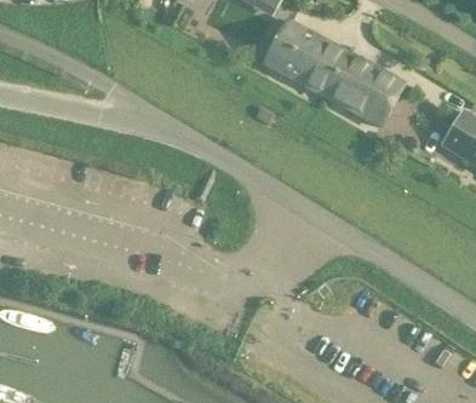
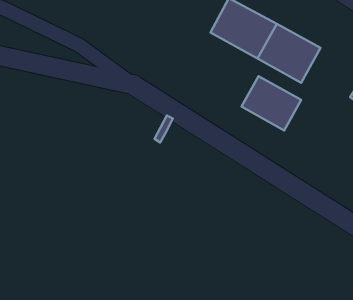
building: none -> [241,76,301,130]

